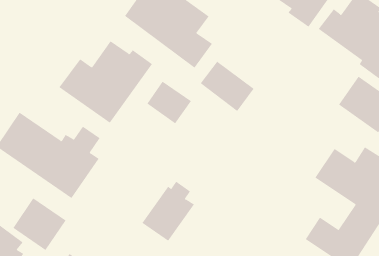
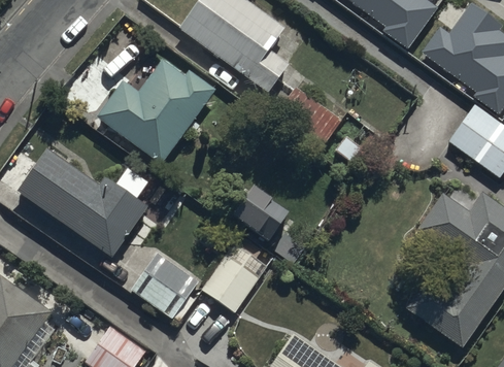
building: [147,81,192,124] -> [232,191,289,245]
building: [12,197,66,251] -> [131,254,199,321]

